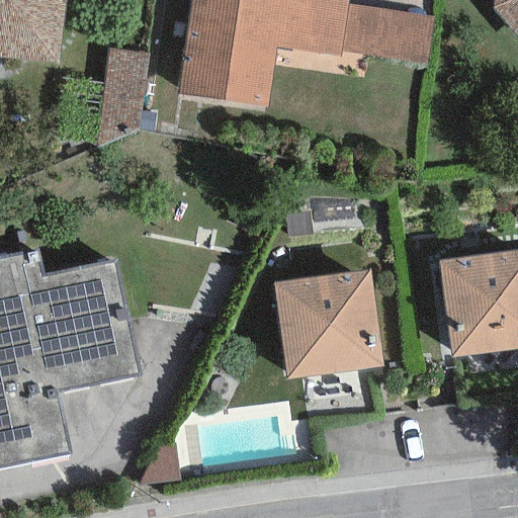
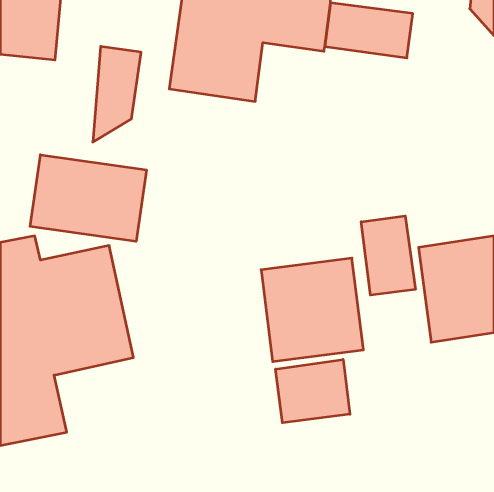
building: none -> [30,155,146,241]
building: none -> [361,216,415,295]
building: none -> [276,359,350,423]

